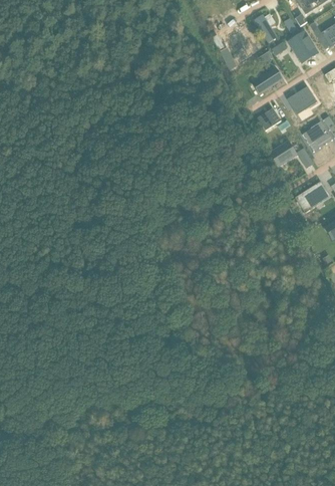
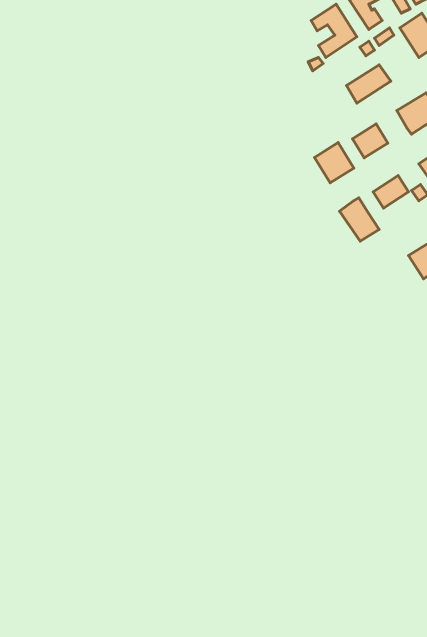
building: none -> [314,143,354,183]
building: none -> [339,198,379,241]

